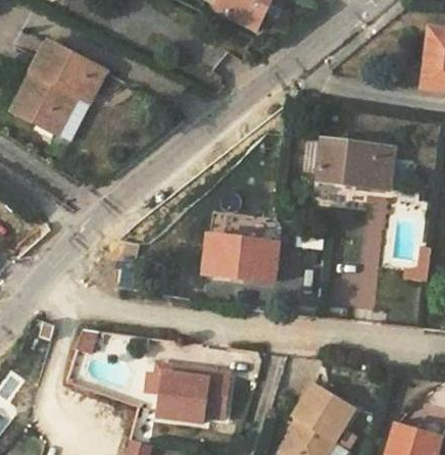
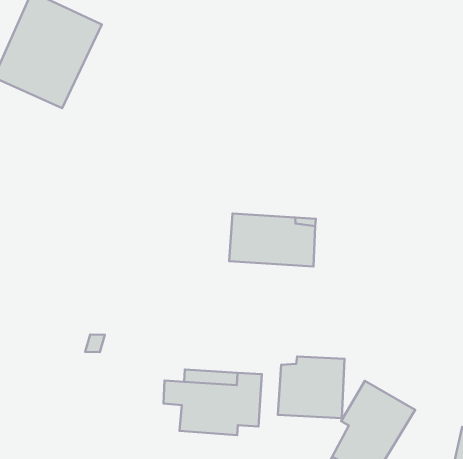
building: [319,142,391,189] -> none
building: none -> [278,356,345,418]

